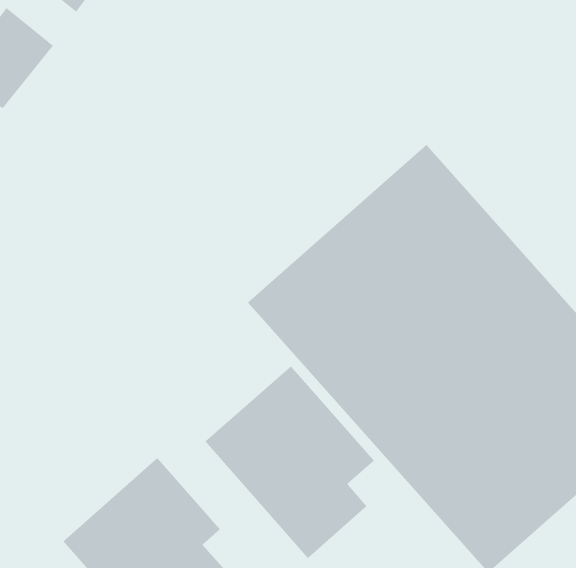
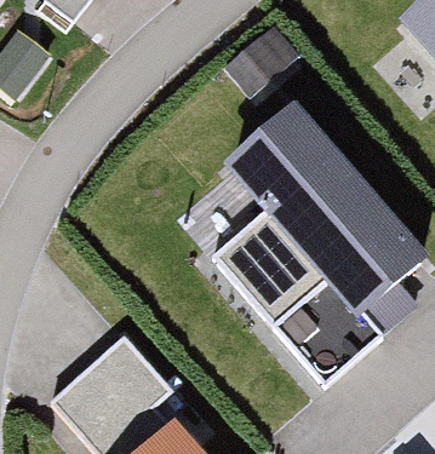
building: [205,365,375,559] -> none

